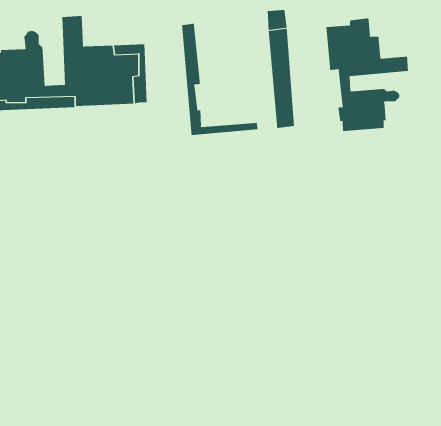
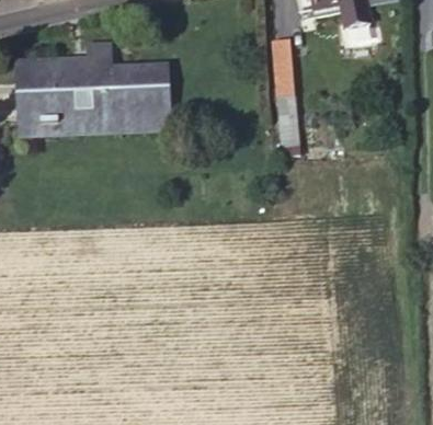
building: [326,18,409,132] -> none
building: [181,23,258,136] -> none

